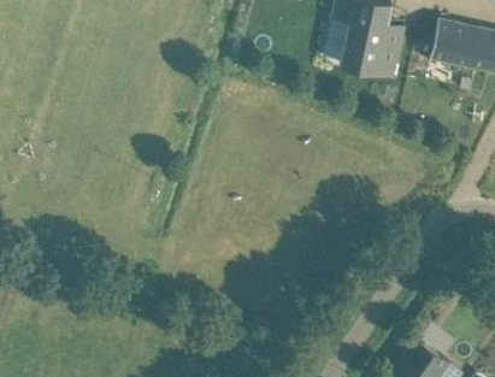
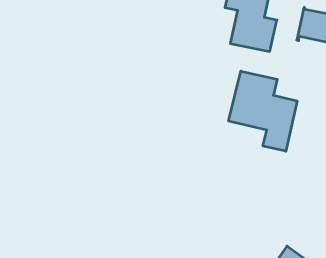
building: none -> [229,71,297,151]

